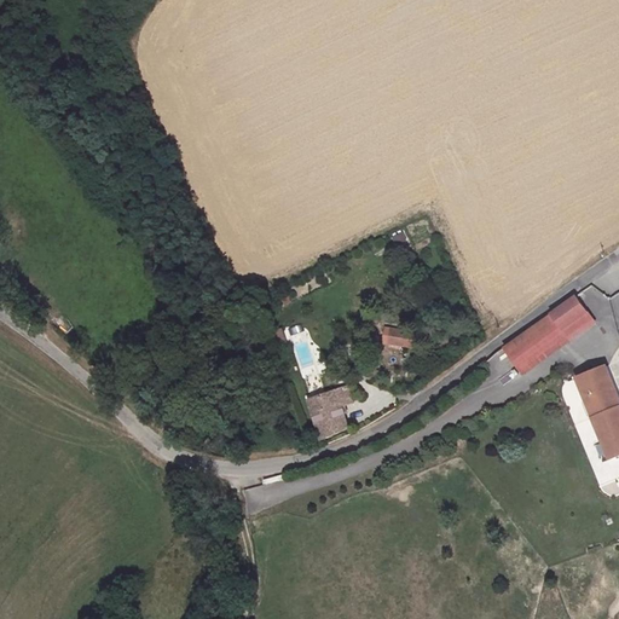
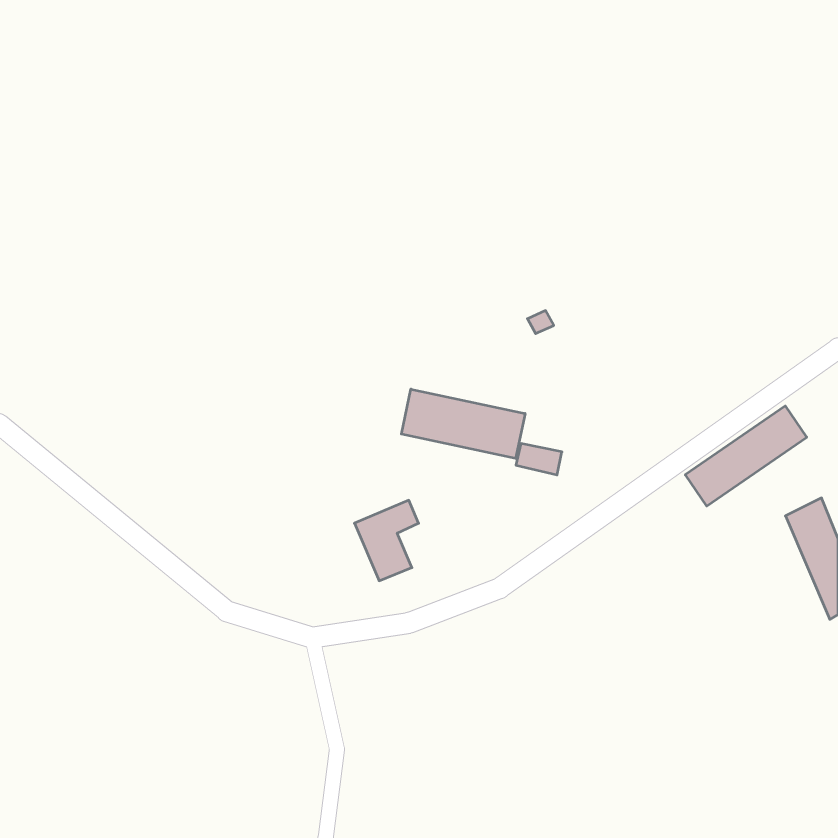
building: none -> [401,389,525,458]
building: [305,381,352,440] -> [354,500,419,581]

